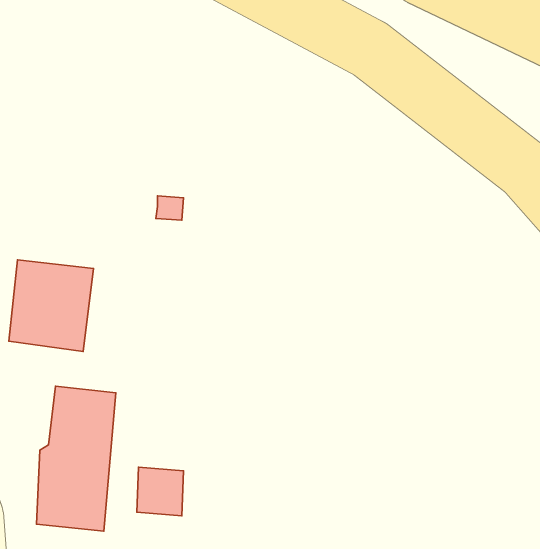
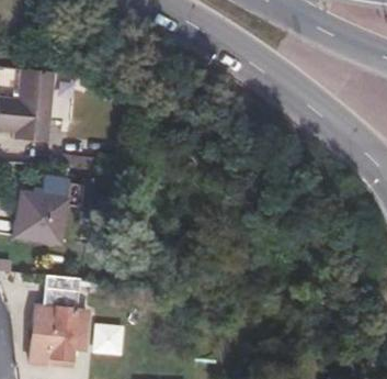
building: none -> [11,67,57,135]

